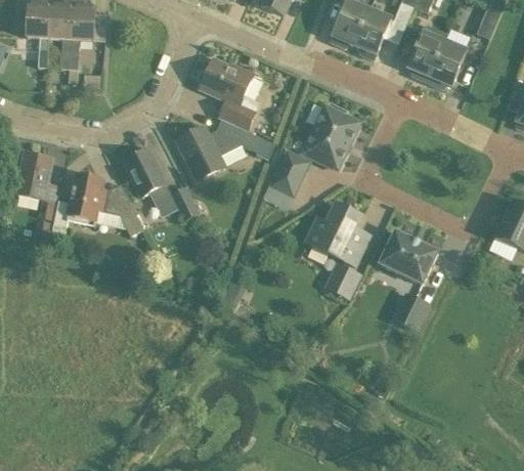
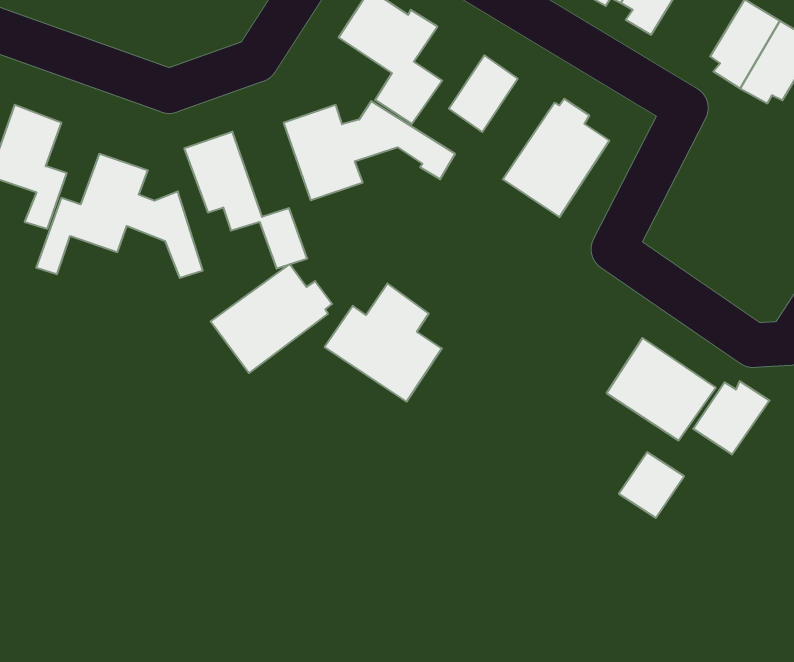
building: [272,152,308,195] -> [449,55,518,132]
building: [306,203,372,267] -> [325,283,442,402]
building: none -> [211,264,332,373]
building: none -> [693,381,770,455]
building: [326,263,359,296] -> none

